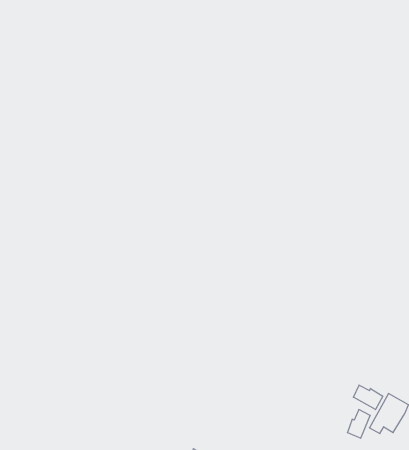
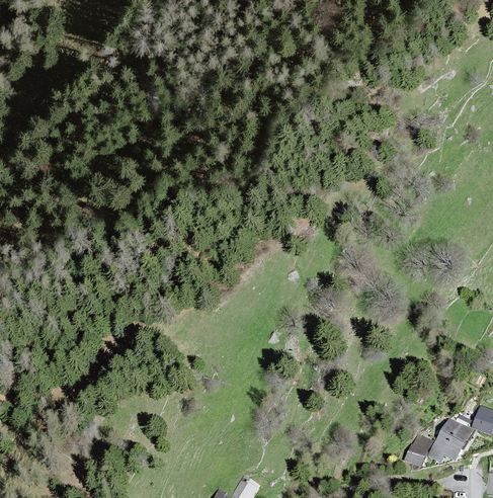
building: [353,385,383,410] -> none

